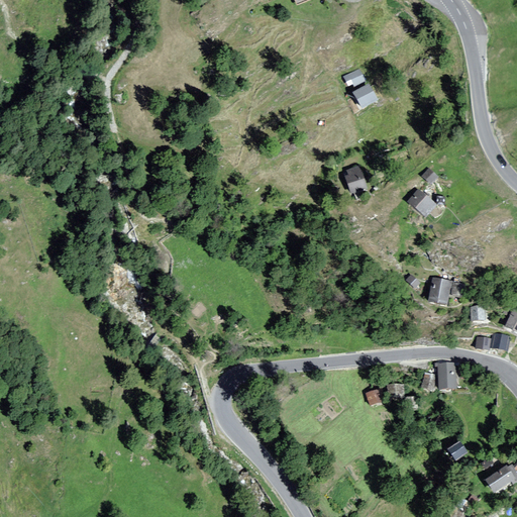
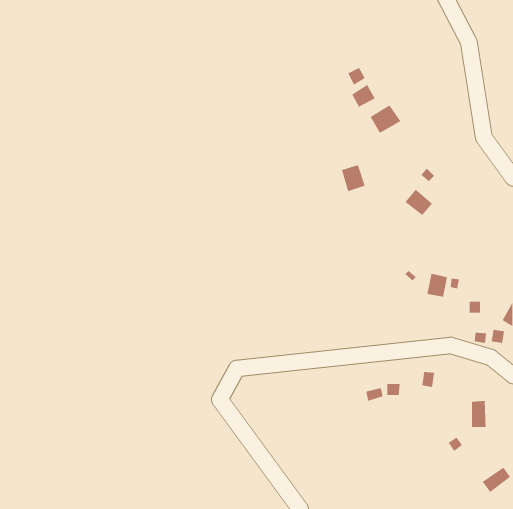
building: none -> [370,105,401,134]
building: [441,361,456,389] -> [471,400,486,427]

